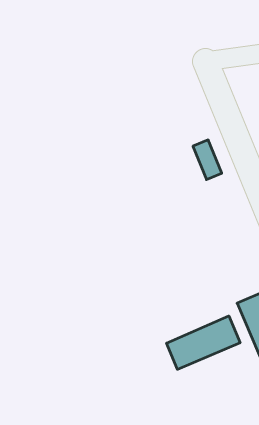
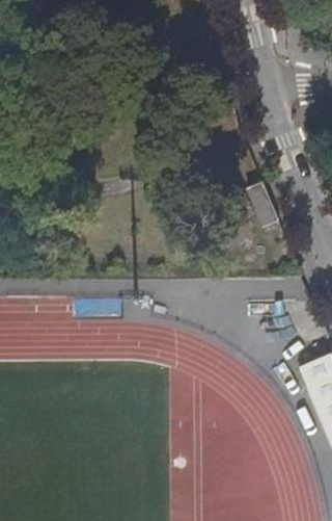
building: [167,316,240,369] -> none

